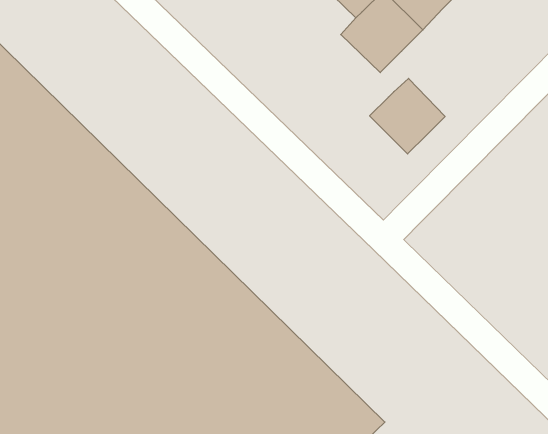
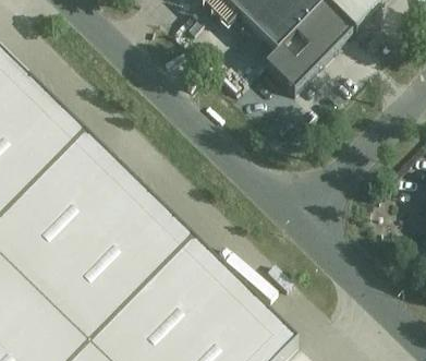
building: [370,78,445,154] -> none

